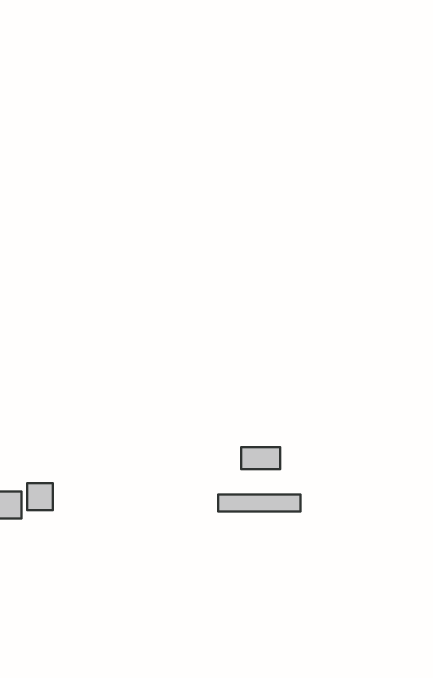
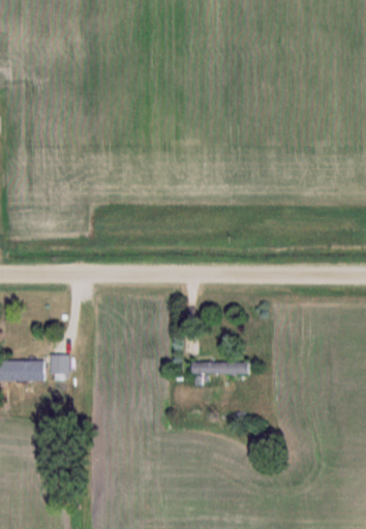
building: [241,447,280,469] -> none

